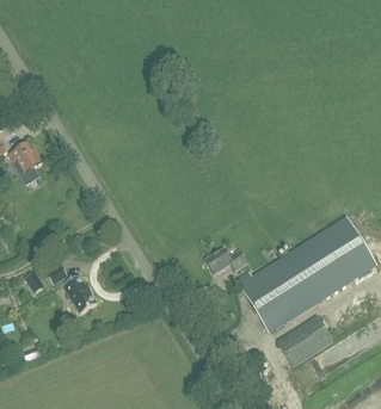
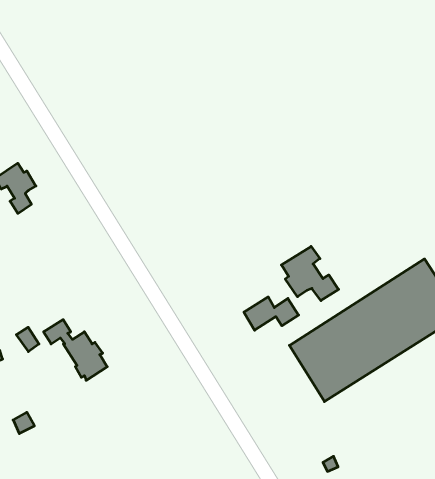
building: none -> [281,246,339,301]
building: [277,316,332,366] -> none

